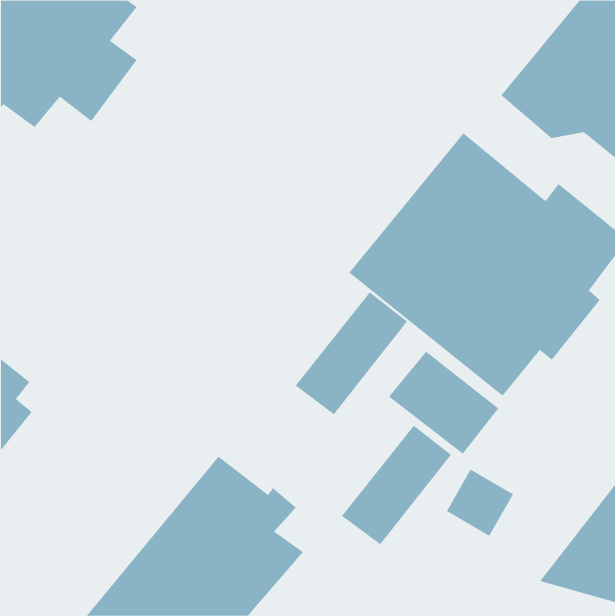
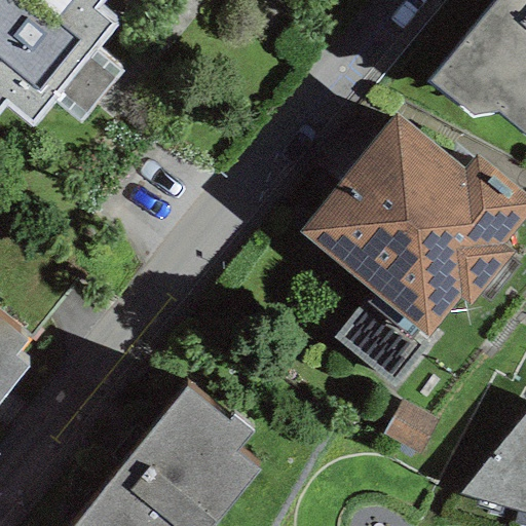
building: [295,291,408,415] -> none
building: [341,425,452,545] -> none

